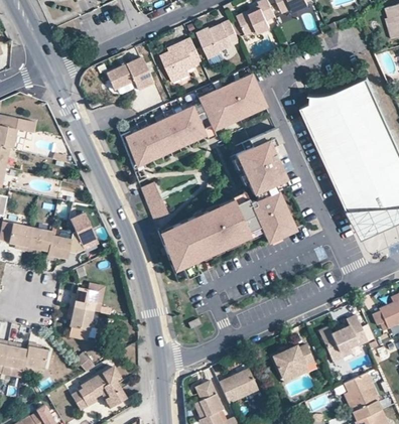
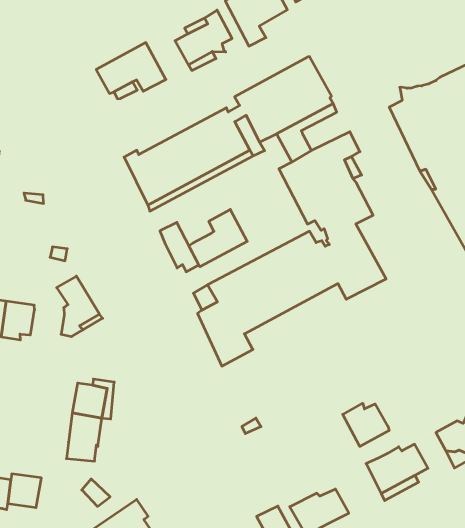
building: none -> [189,209,247,267]
building: [46,235,72,262] -> none
building: none -> [343,403,389,446]

